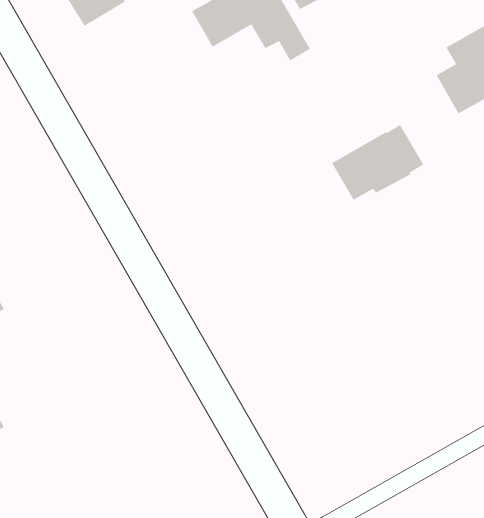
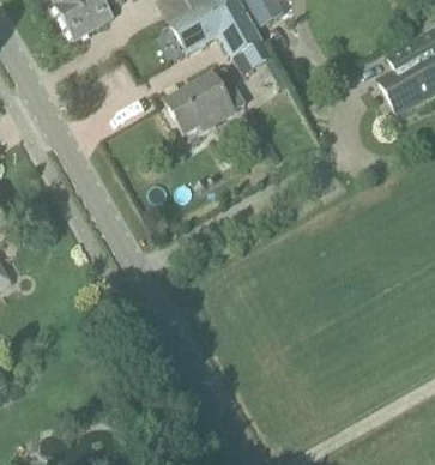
building: [331,124,424,201] -> [165,67,246,133]

